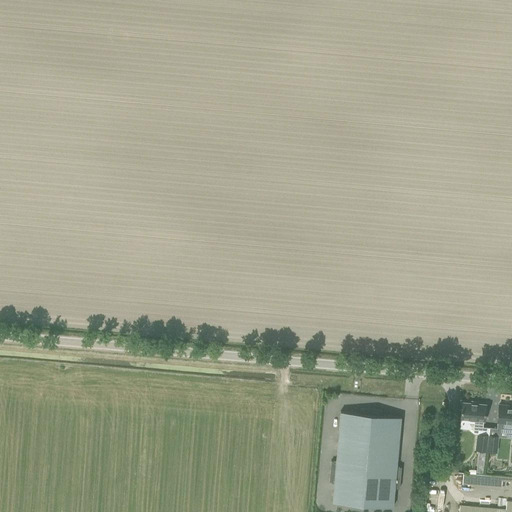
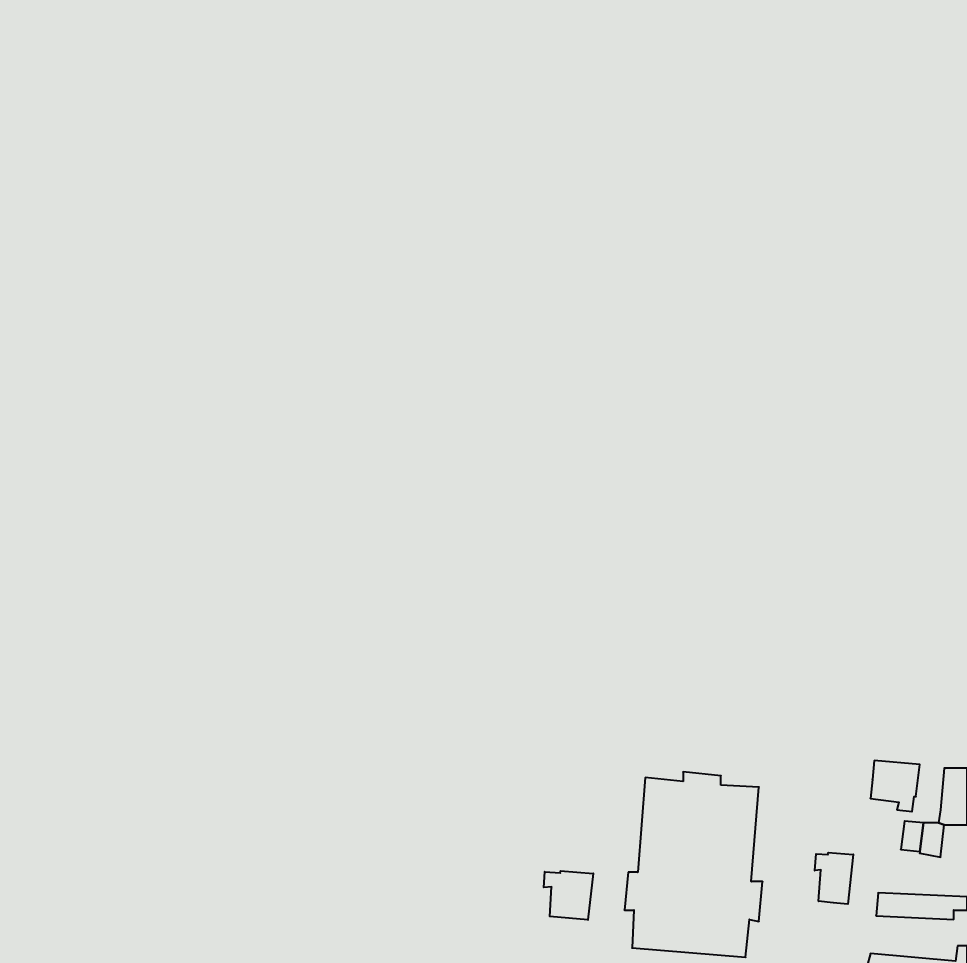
building: none -> [815,853,853,904]
building: none -> [544,871,593,920]

